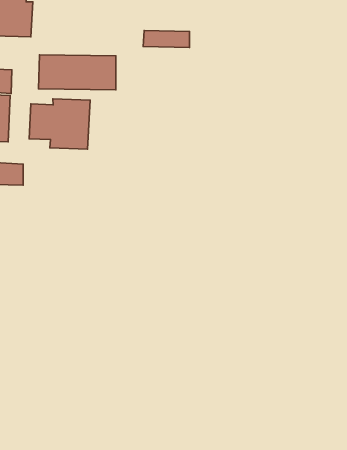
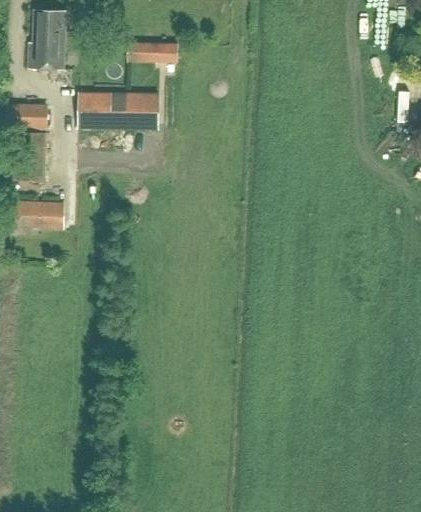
building: [143,30,189,47] -> [128,43,177,61]
building: [29,99,90,149] -> none

